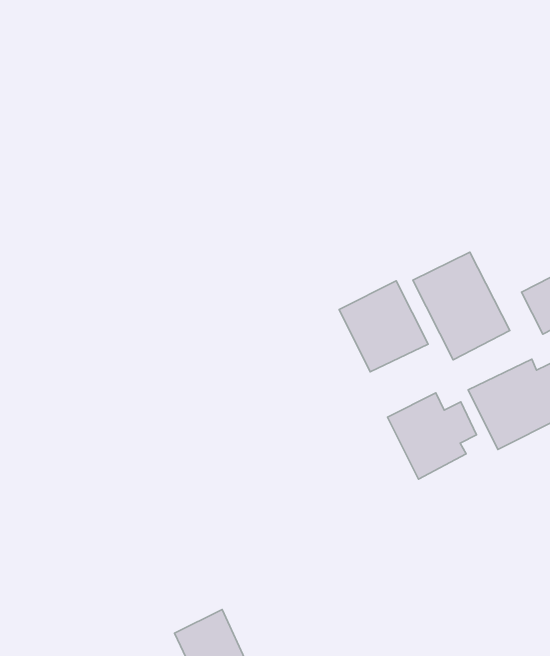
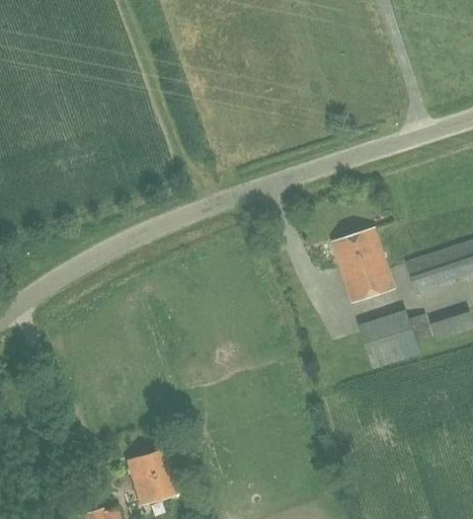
building: [339,281,428,372] -> none
building: [387,393,477,479] -> none

